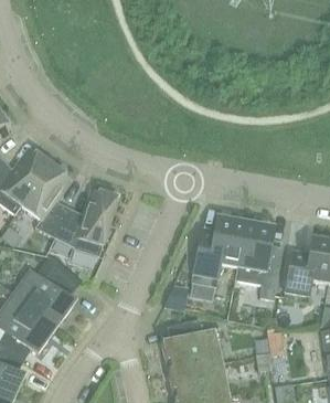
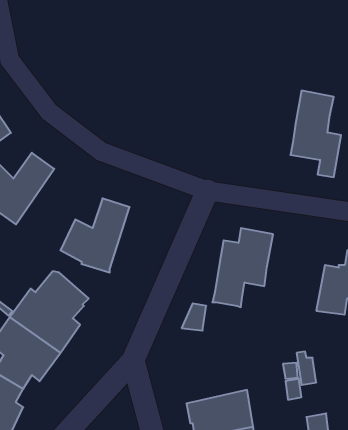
building: [15,163,70,236] -> none
building: [235,222,280,299] -> [290,91,341,177]
building: [160,317,222,373] -> none

